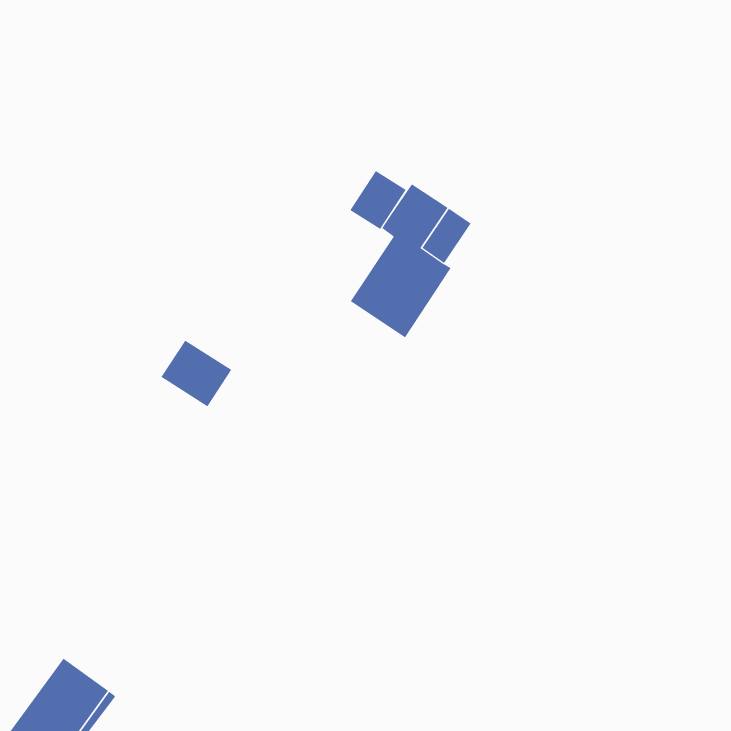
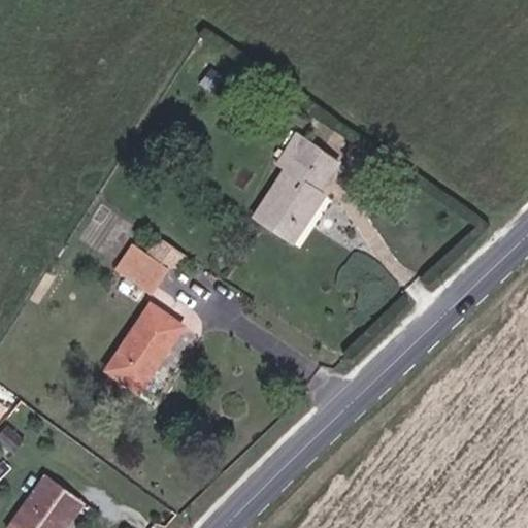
building: [350,170,406,230] -> none
building: none -> [105,304,183,392]

